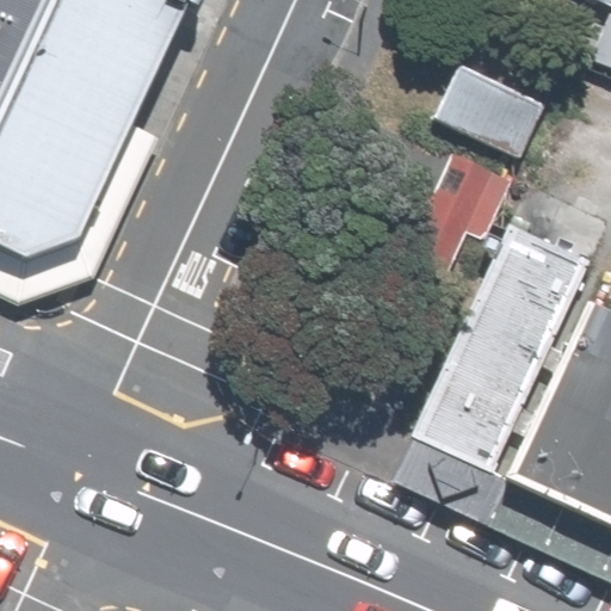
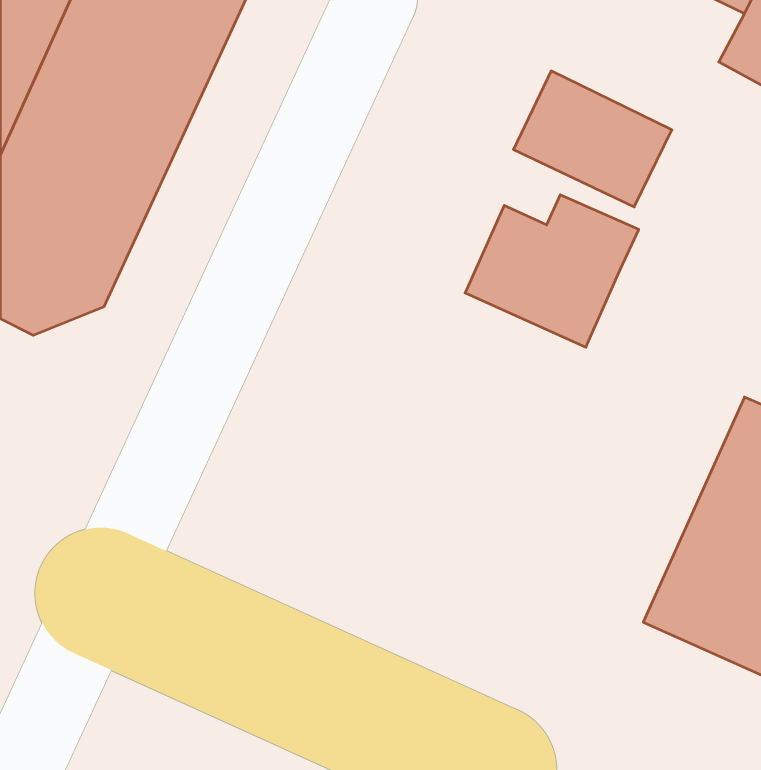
building: [395,212,575,477] -> none

